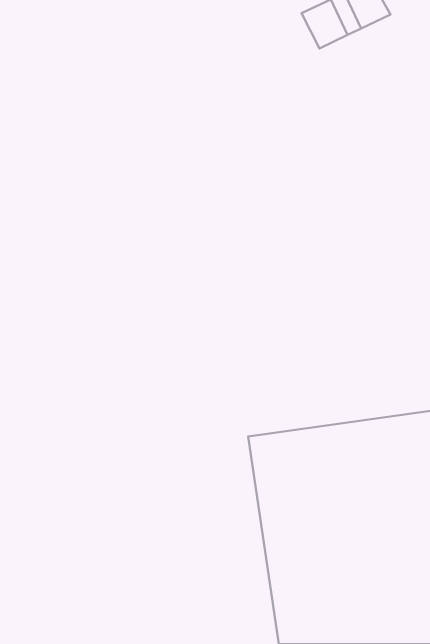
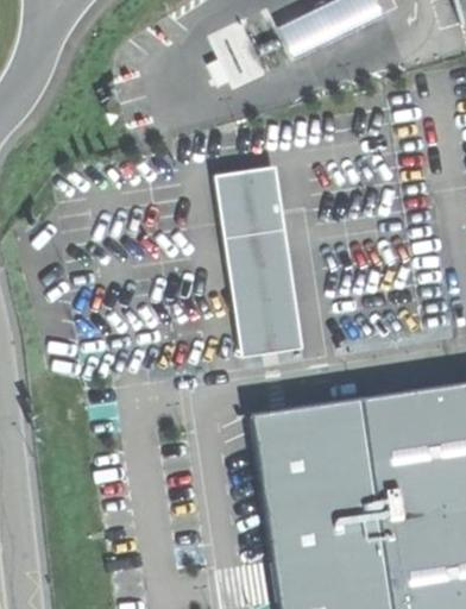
building: none -> [276,15,319,62]
building: none -> [214,164,303,357]

